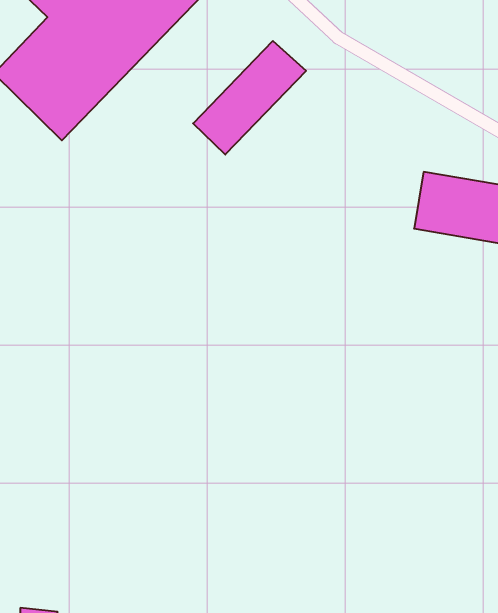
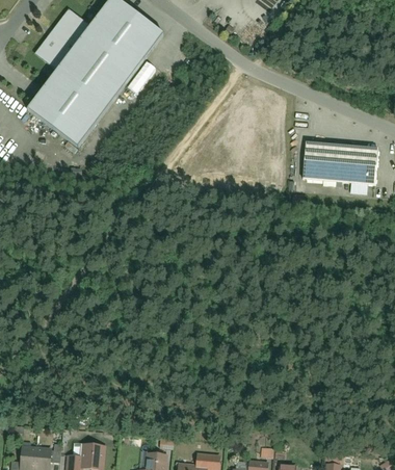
building: [193,41,306,155] -> none

